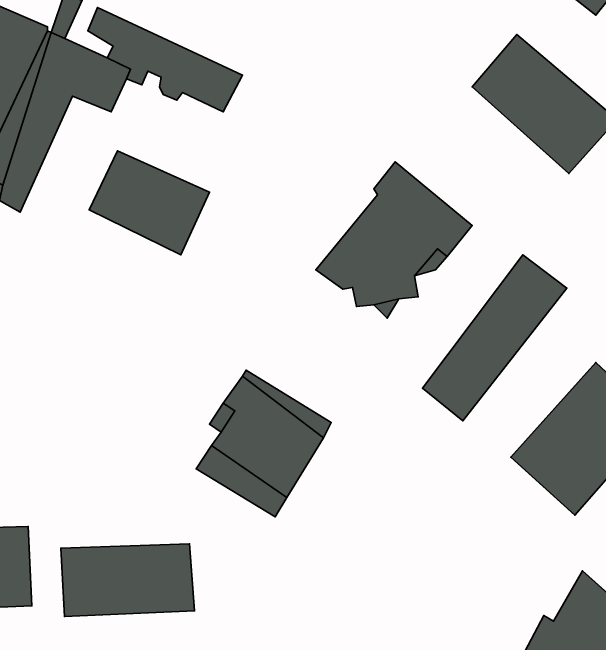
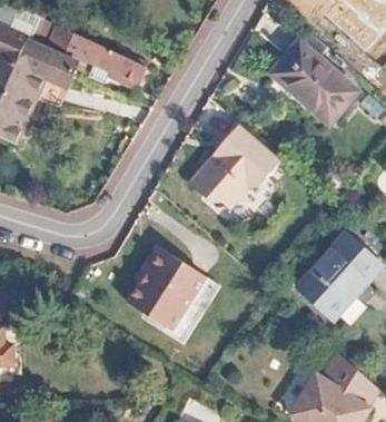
building: [89,151,209,255] -> none
building: [423,255,567,421] -> none
building: [61,544,194,617] -> none

